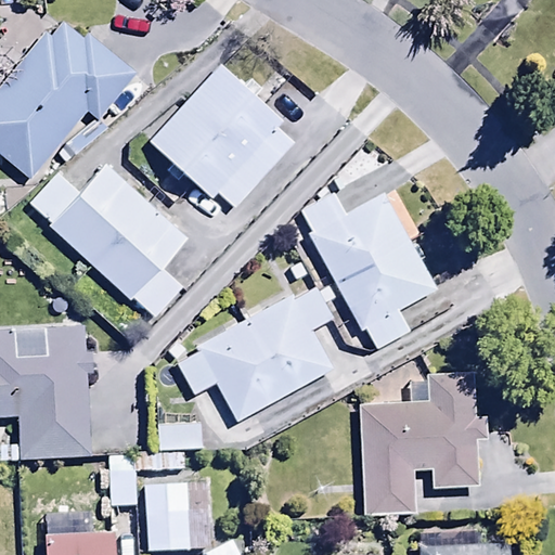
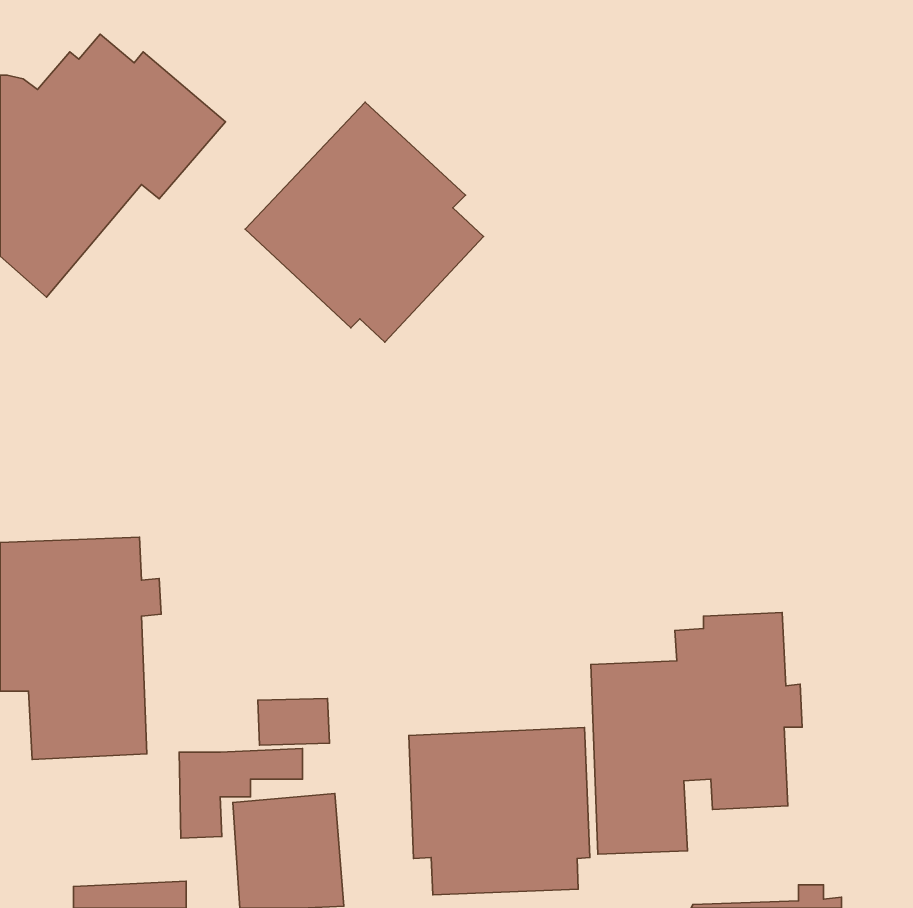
building: [30,164,188,318] -> none
building: [300,192,437,349] -> none
building: [177,285,336,421] -> none
building: none -> [409,728,590,895]

